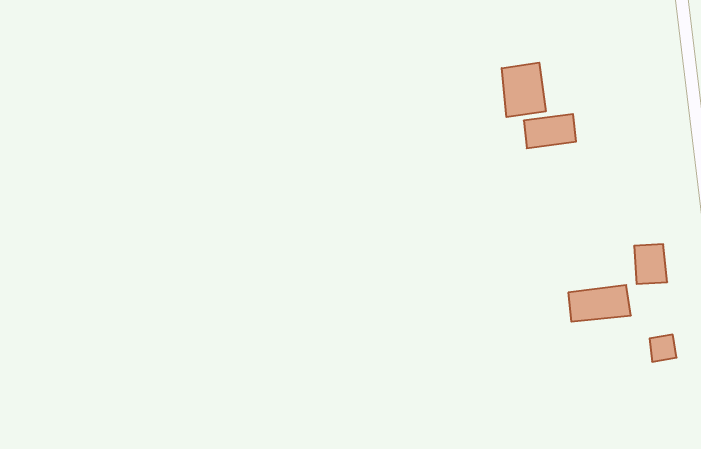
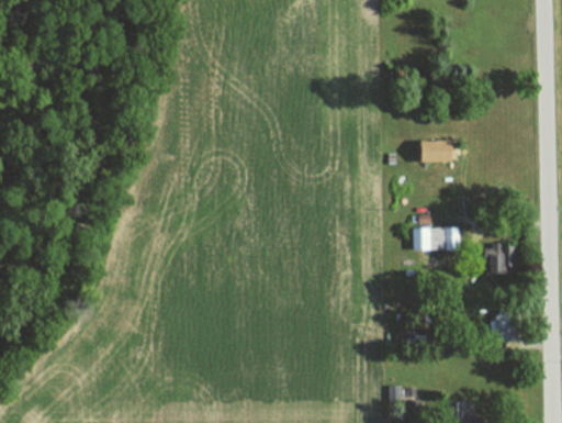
building: [502,63,546,117] -> none
building: [568,285,631,322] -> [414,226,459,249]

